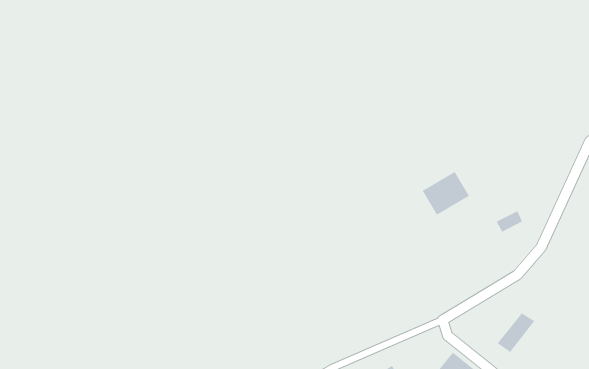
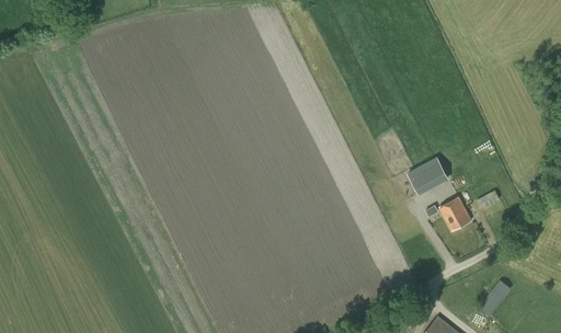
building: none -> [440,197,471,230]

